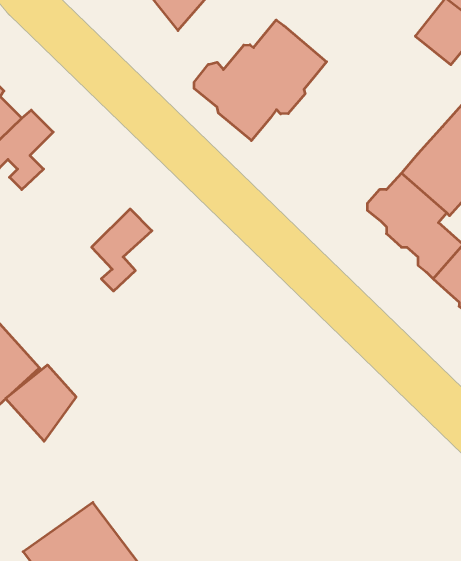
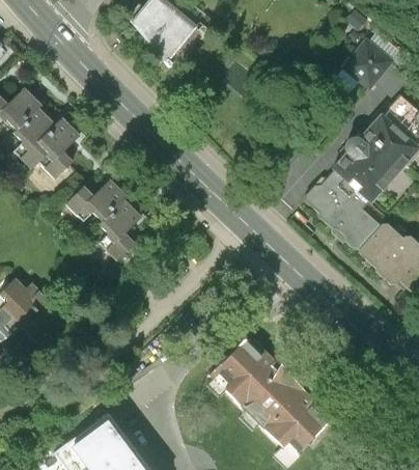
building: [194,20,327,141] -> none
building: none -> [67,179,129,226]
building: [6,365,76,441] -> none
building: none -> [212,334,334,454]

